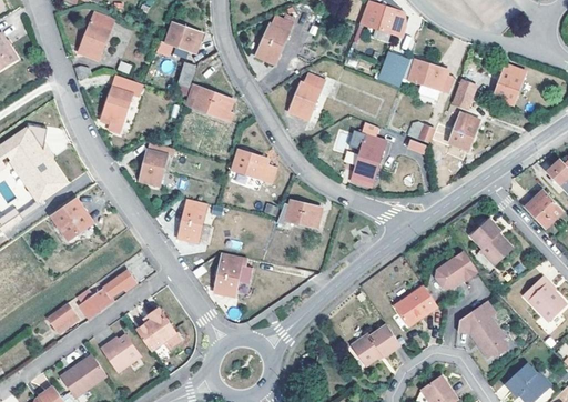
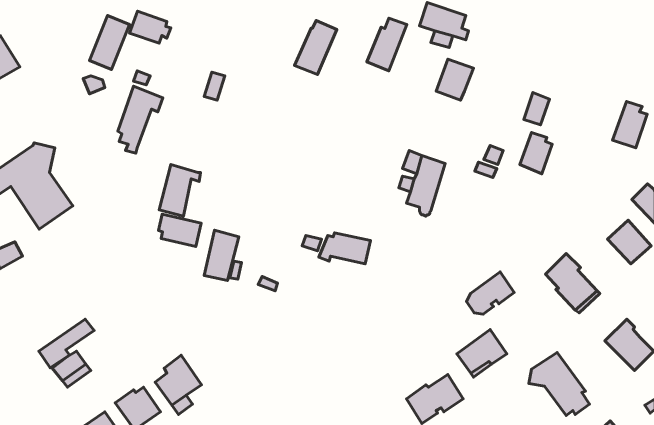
building: [165,23,201,51] -> [130,11,171,43]
building: [402,59,450,92] -> none
building: [493,64,523,104] -> [612,101,647,148]
building: [288,74,323,120] -> [367,18,407,71]
building: [185,84,233,123] -> none
building: [231,150,276,182] -> none
building: none -> [158,214,201,246]
building: [51,198,92,240] -> none
building: [213,253,246,297] -> none
building: [437,253,478,290] -> [467,272,514,314]
building: [87,271,134,313] -> [39,319,94,368]

